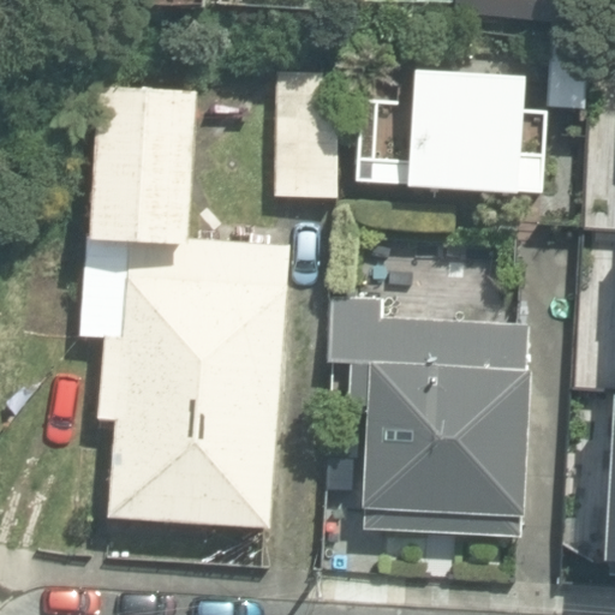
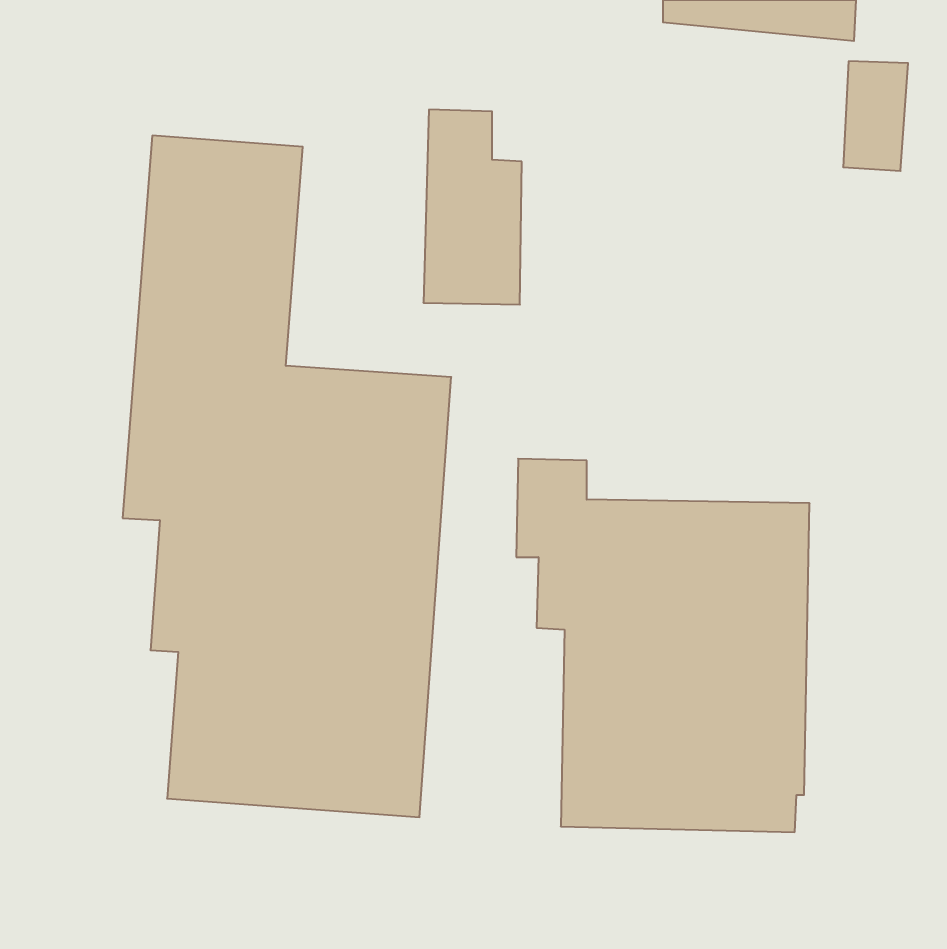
building: [365,66,545,193] -> none

